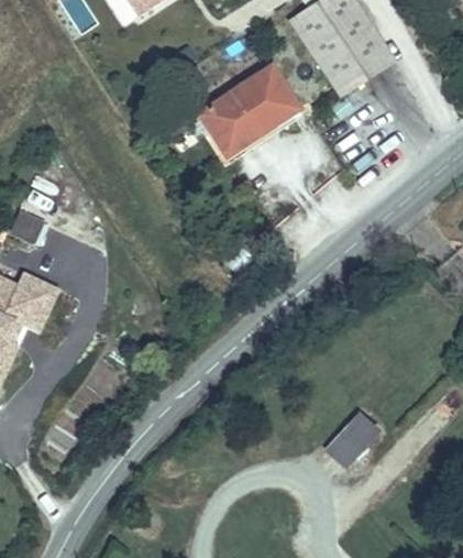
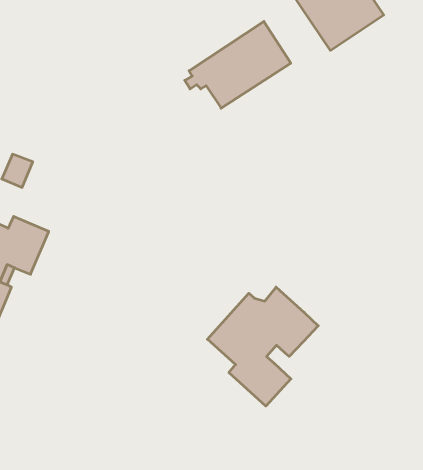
building: none -> [207,287,318,406]
building: [331,416,379,467] -> none

